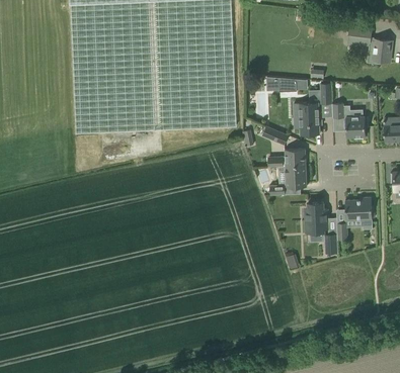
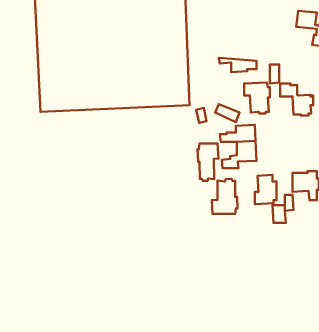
building: none -> [197,143,218,181]
building: none -> [212,179,238,214]

